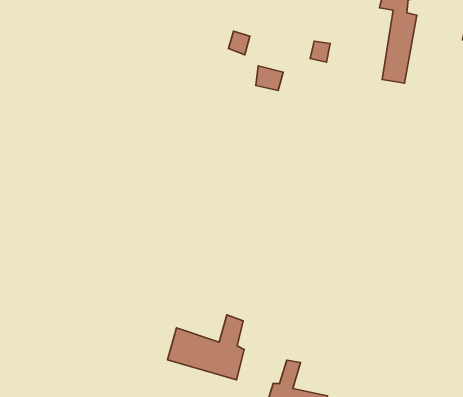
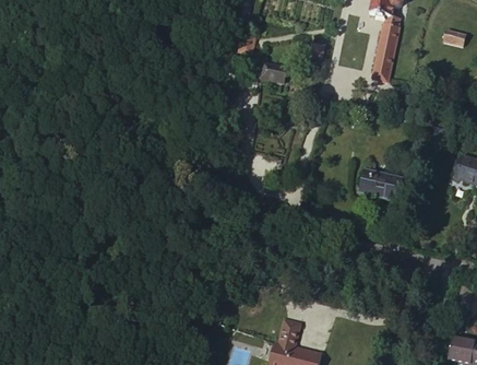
building: none -> [358,167,403,201]
building: [167,315,244,380] -> none

